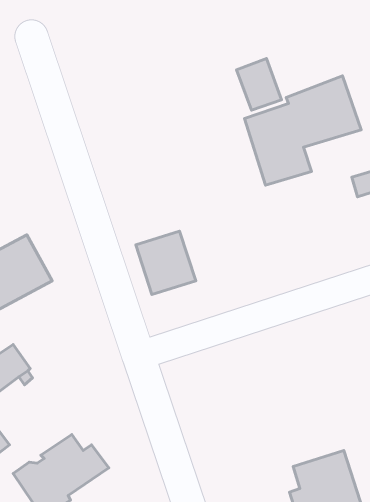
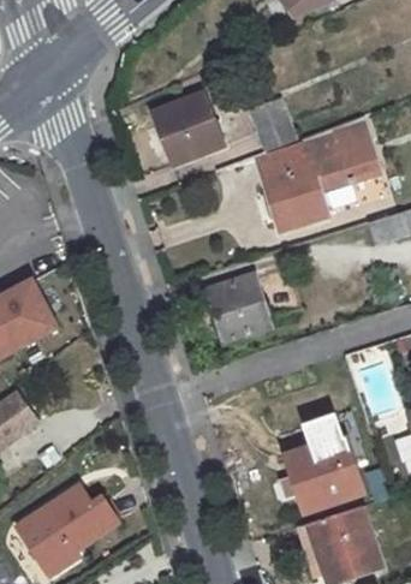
building: none -> [153,94,222,165]
building: [136,231,196,295] -> [208,276,270,342]
building: none -> [288,416,361,512]

